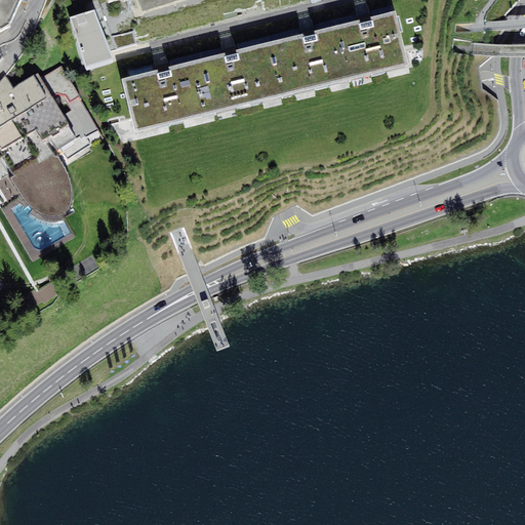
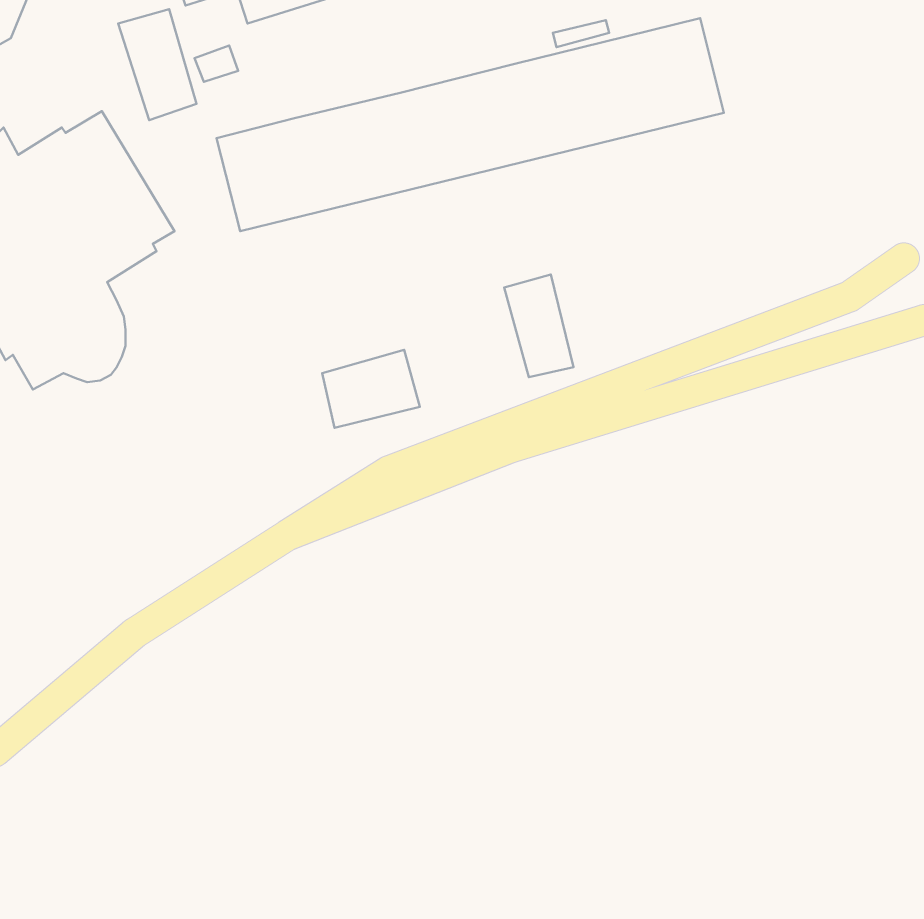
building: none -> [504,274,573,377]
building: none -> [322,350,420,428]

